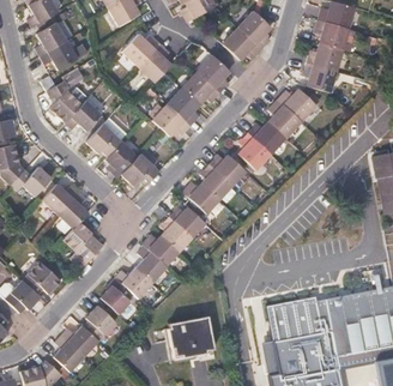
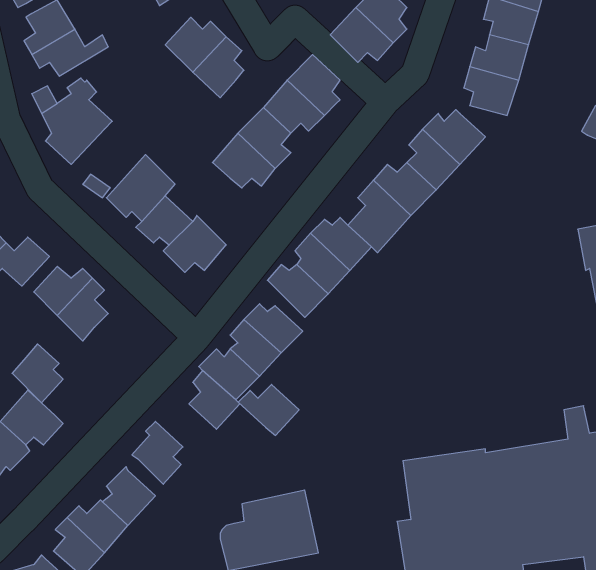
building: [65,99,101,129] -> none
building: [64,221,95,257] -> [12,344,63,403]
building: [116,267,153,298] -> [238,384,299,435]

